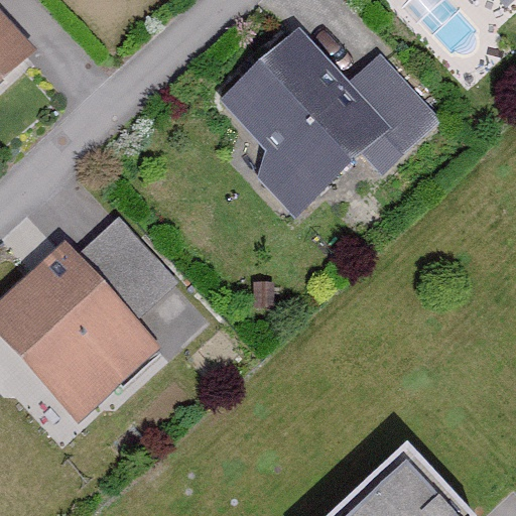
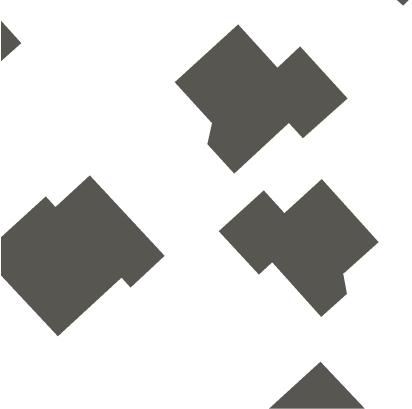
building: none -> [218,178,380,318]

